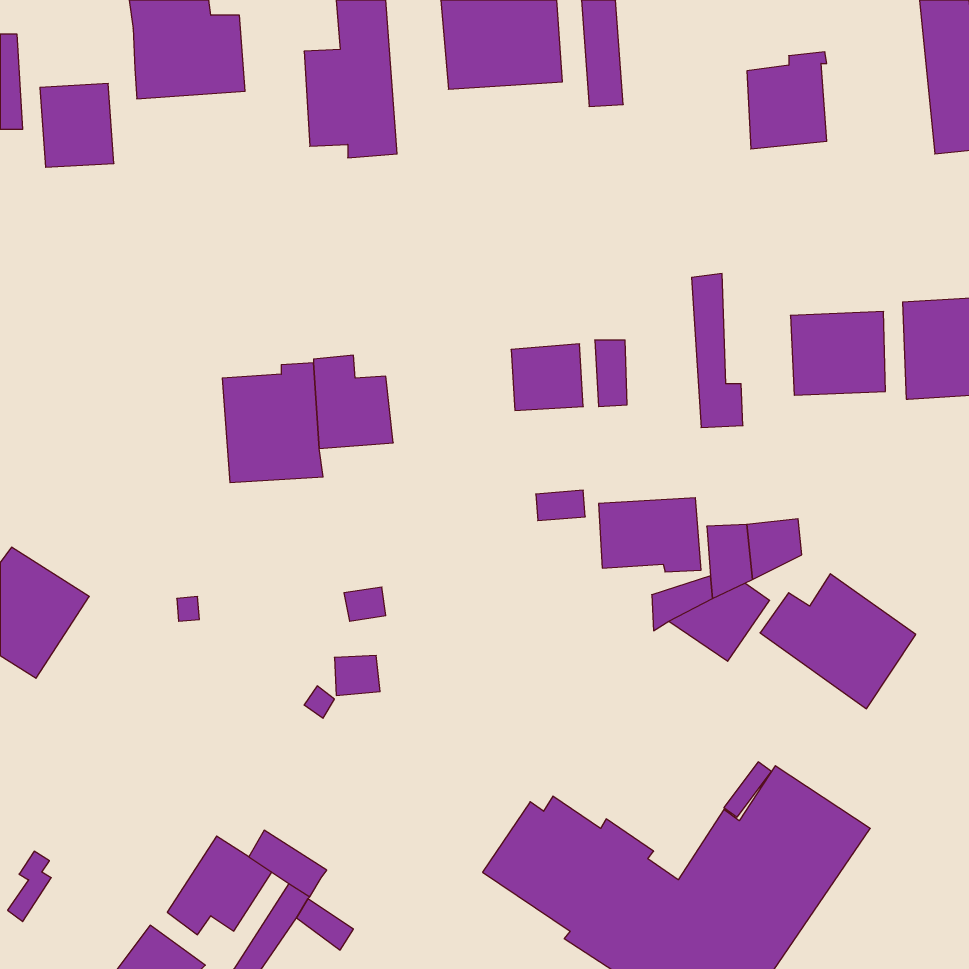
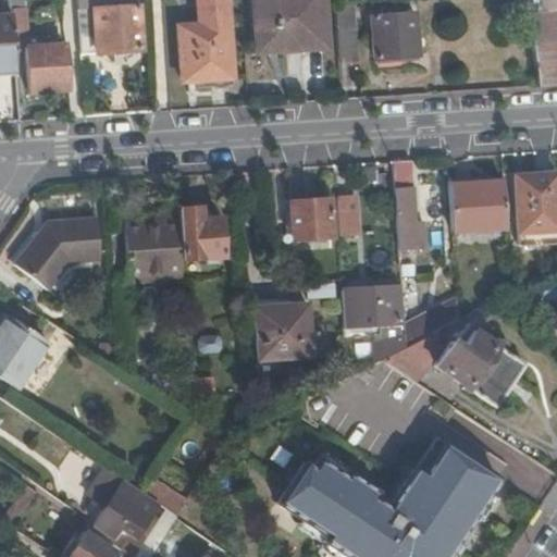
building: [747,52,827,149] -> [372,9,418,64]
building: none -> [20,216,104,285]
building: none -> [255,302,310,357]

